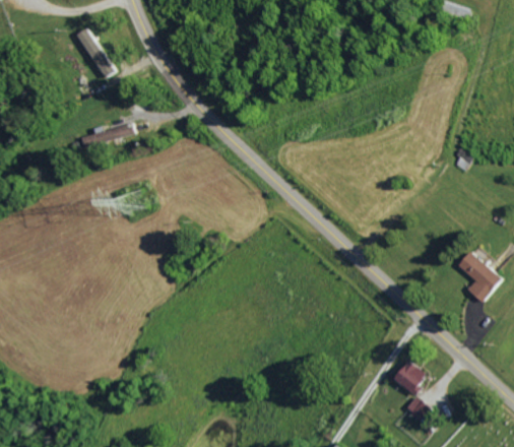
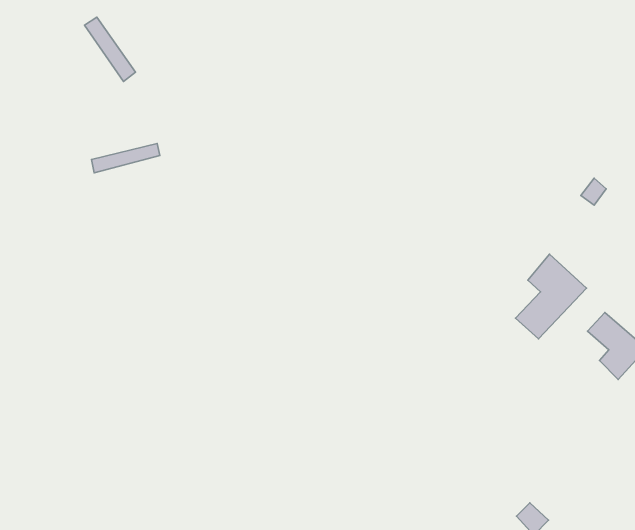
building: none -> [516,254,587,339]
building: [391,361,425,393] -> none

